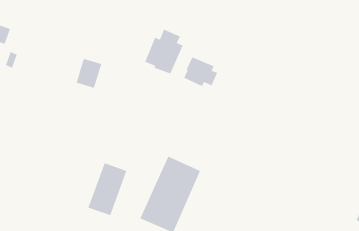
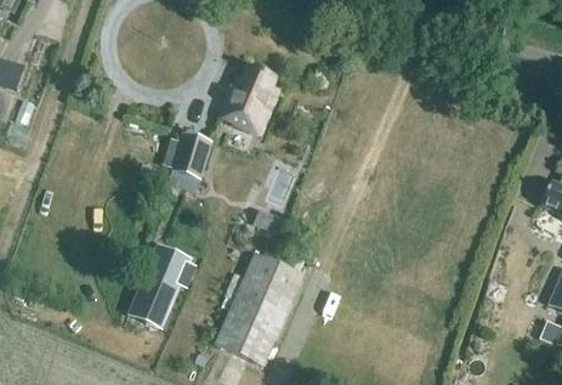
building: [184,56,218,87] -> none
building: [76,58,102,89] -> [172,131,211,176]

